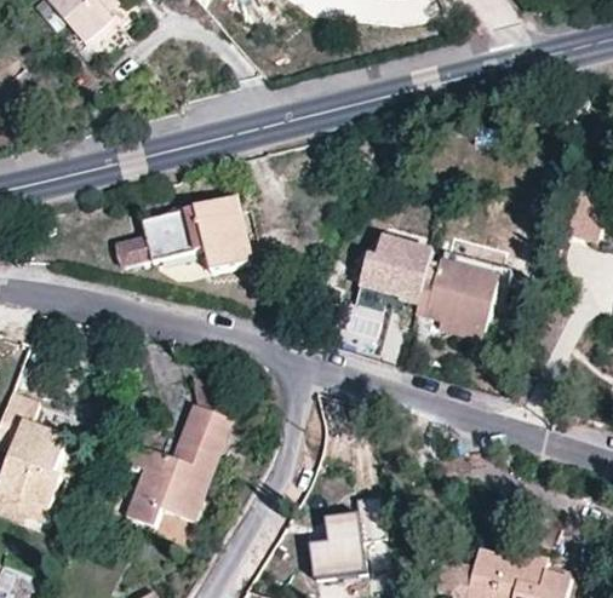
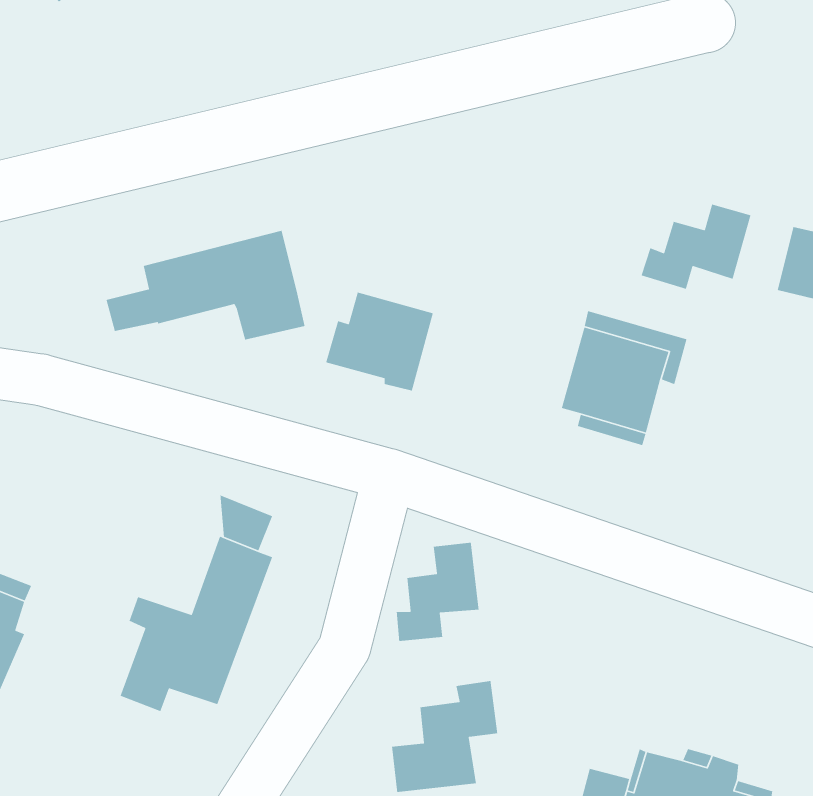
building: none -> [640,203,751,290]
building: [359,236,432,304] -> [325,291,434,391]
building: none -> [396,542,480,642]

